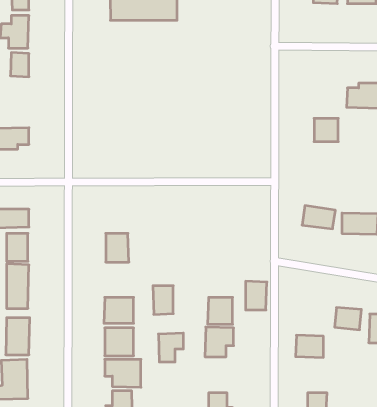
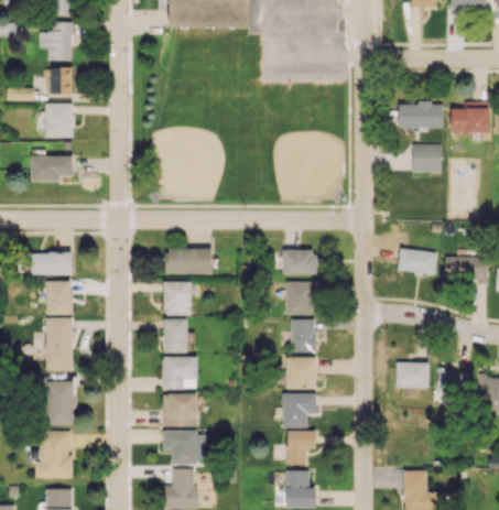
building: none -> [399,102,443,128]
building: none -> [45,104,73,138]
building: none -> [165,248,211,274]
building: none -> [282,249,316,274]
building: none -> [285,281,315,314]
building: [246,281,267,310] -> [291,318,316,352]
building: [153,286,173,314] -> [163,318,187,352]
building: [158,333,183,362] -> [286,430,316,464]
building: [296,335,323,357] -> [395,361,429,388]

